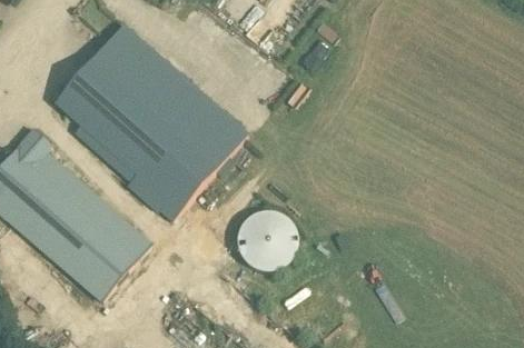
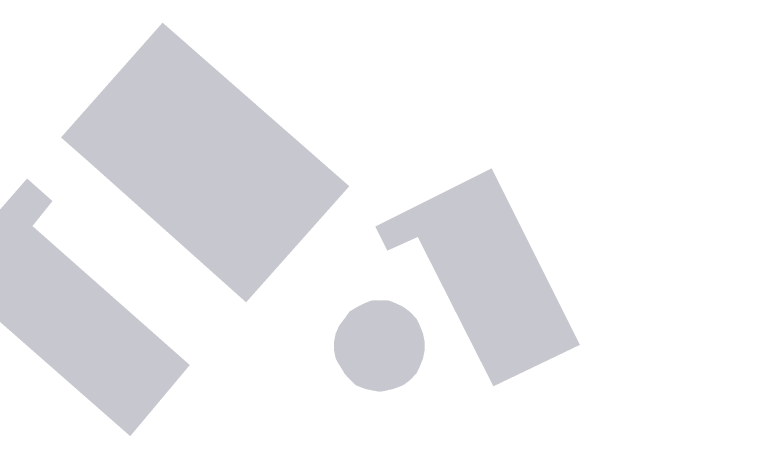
building: none -> [375,167,581,387]

